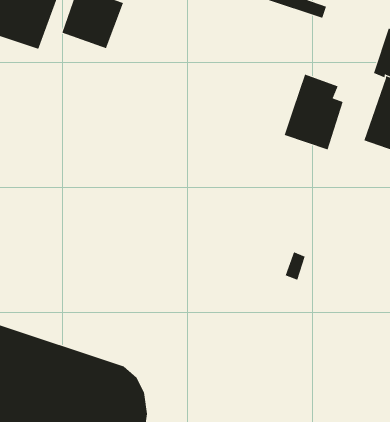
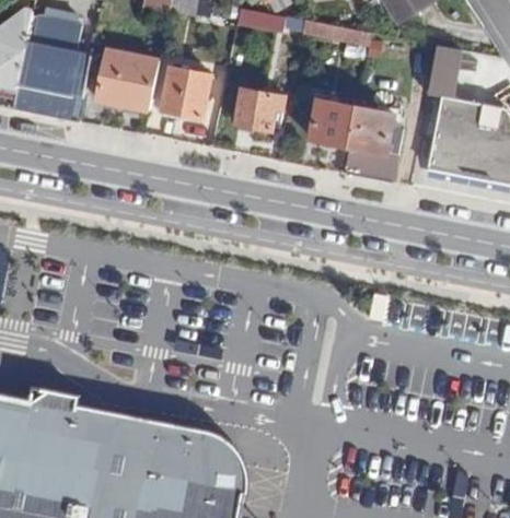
building: none -> [163,68,210,117]
building: none -> [237,90,287,130]
building: none -> [311,99,357,146]

